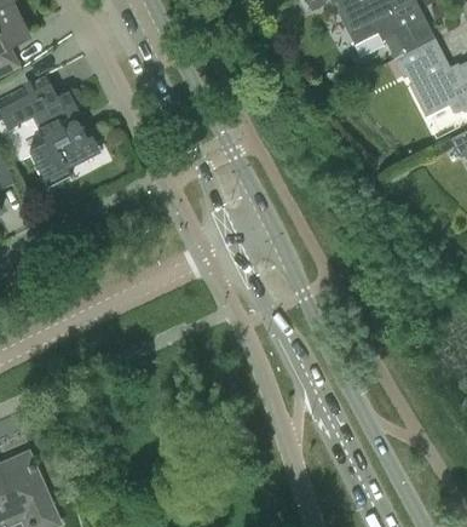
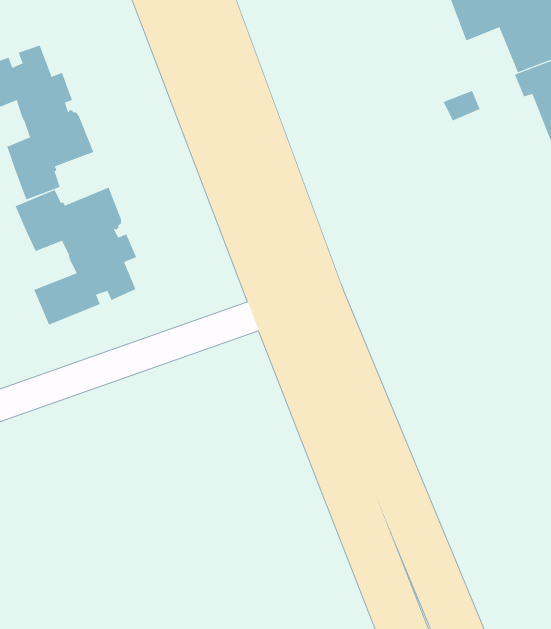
building: none -> [15,187,137,326]

